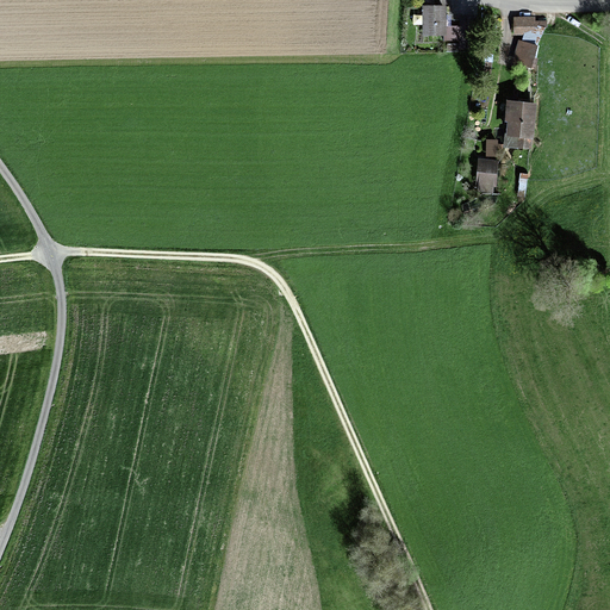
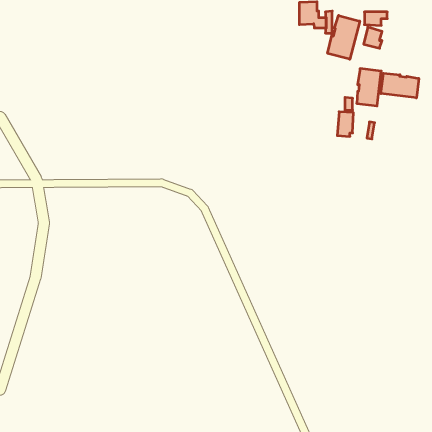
building: none -> [328,15,360,59]
building: none -> [381,73,419,98]

